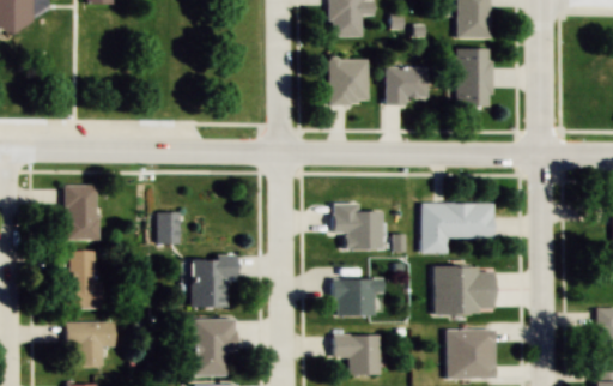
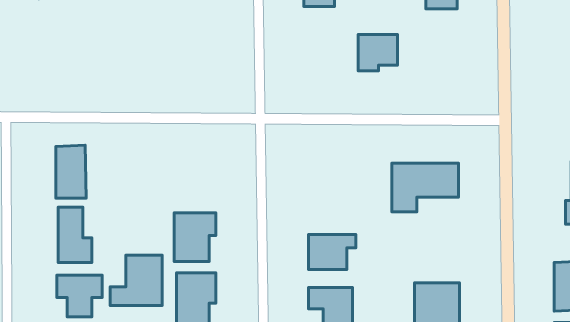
building: [457,48,492,105] -> none
building: [329,58,368,104] -> none
building: [333,201,382,248] -> none
building: [157,212,180,243] -> none
building: [436,266,494,314] -> none
building: none -> [110,255,162,306]

